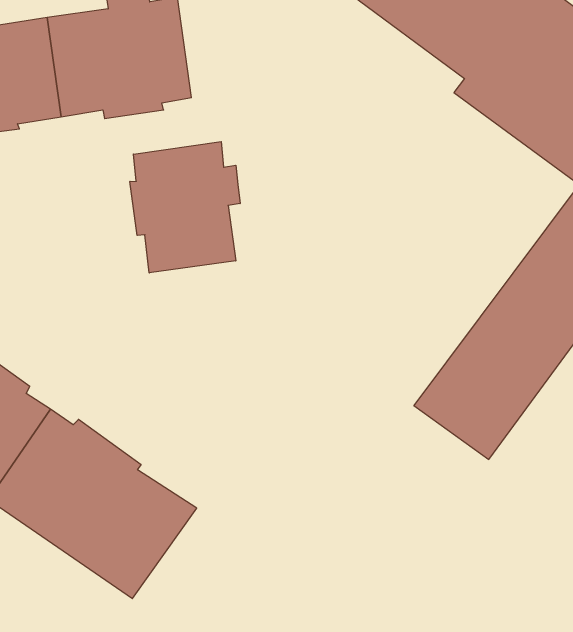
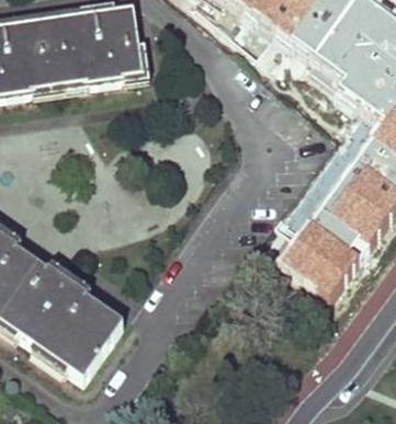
building: [130,142,240,273] -> none

